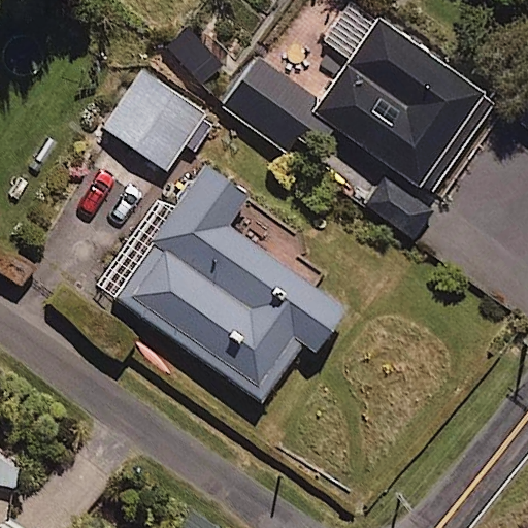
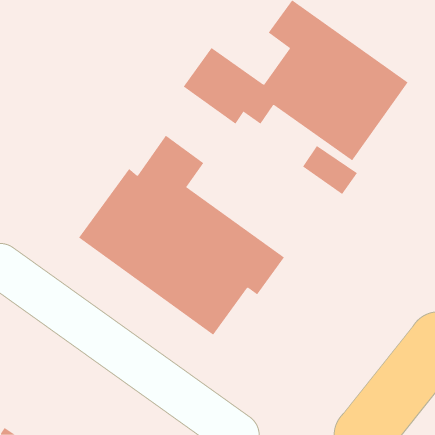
building: [103,70,216,171] -> none

